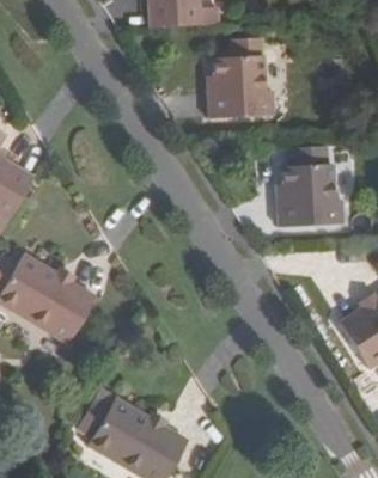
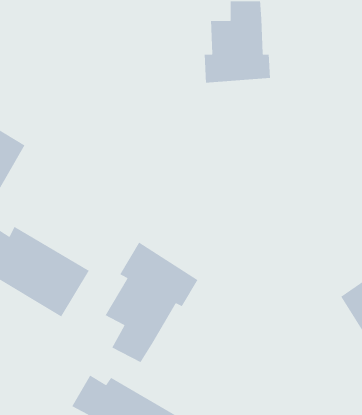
building: [276,146,341,225] -> none
building: none -> [105,242,198,363]

